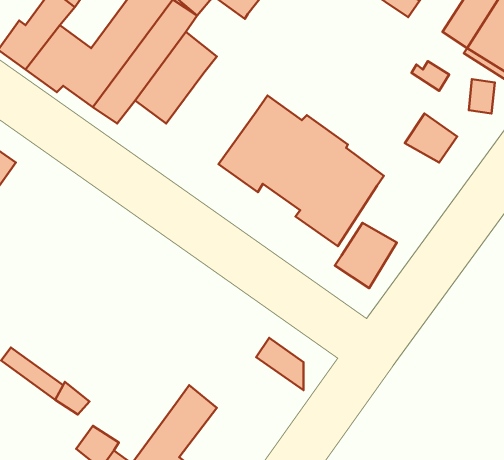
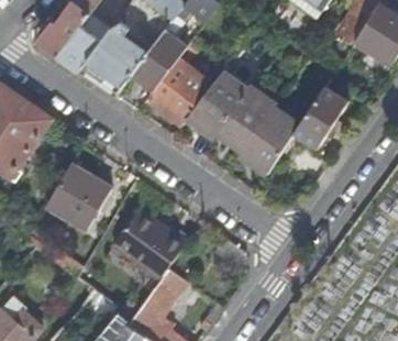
building: none -> [145,40,212,124]
building: [335,223,397,288] -> [294,103,335,147]
building: none -> [46,162,111,227]
building: none -> [112,209,188,278]

